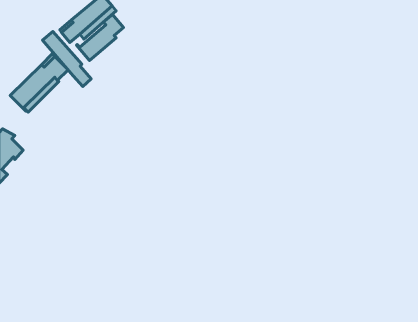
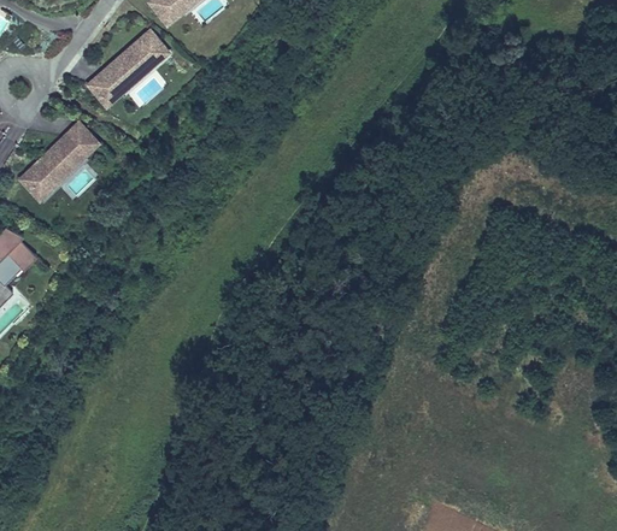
building: [76,14,123,61] -> none
building: [43,31,91,86] -> none

